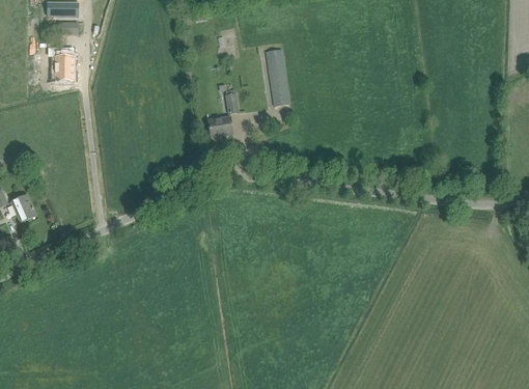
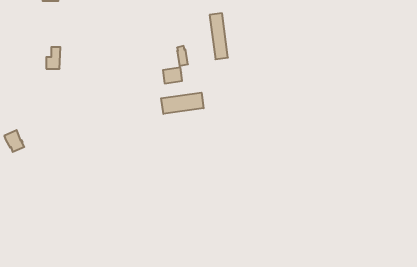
building: [57,50,75,77] -> [46,47,60,69]
building: none -> [161,93,204,114]

